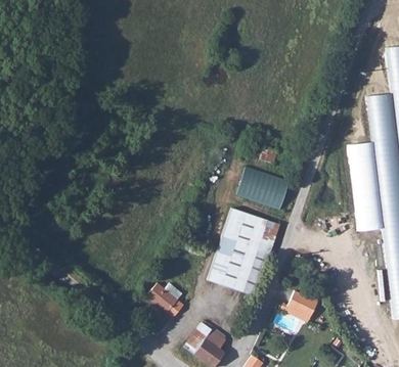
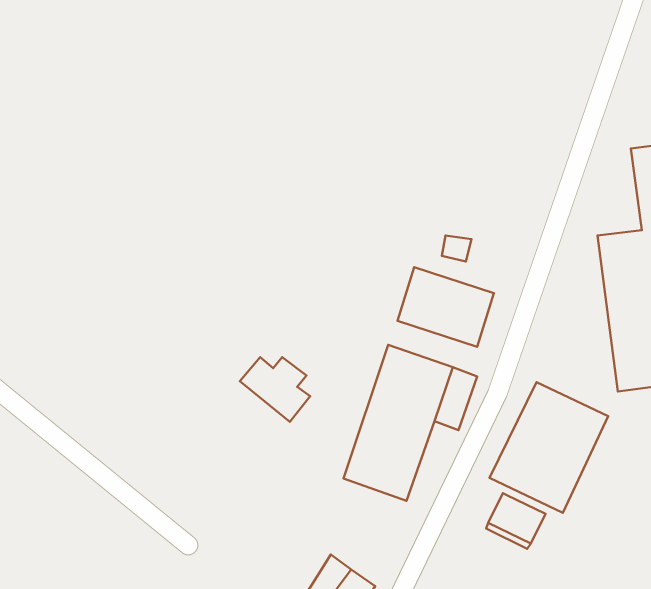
building: none -> [489,382,608,513]
building: [146,282,185,318] -> [240,357,310,422]

